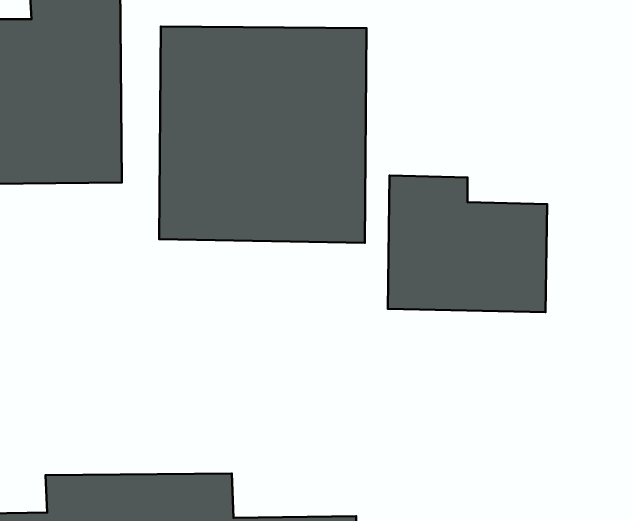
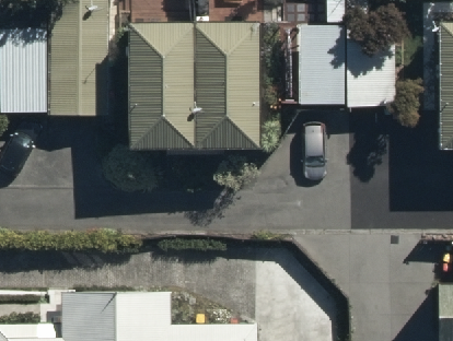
building: [388,176,547,312] -> [292,21,391,105]

